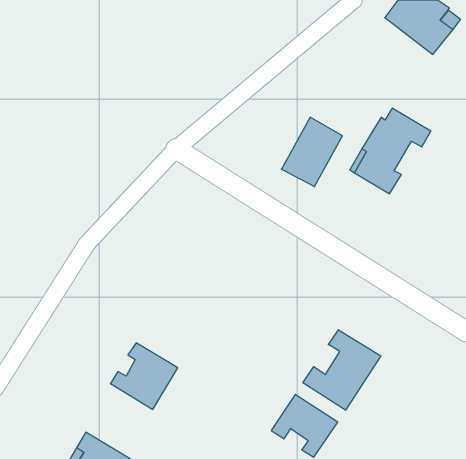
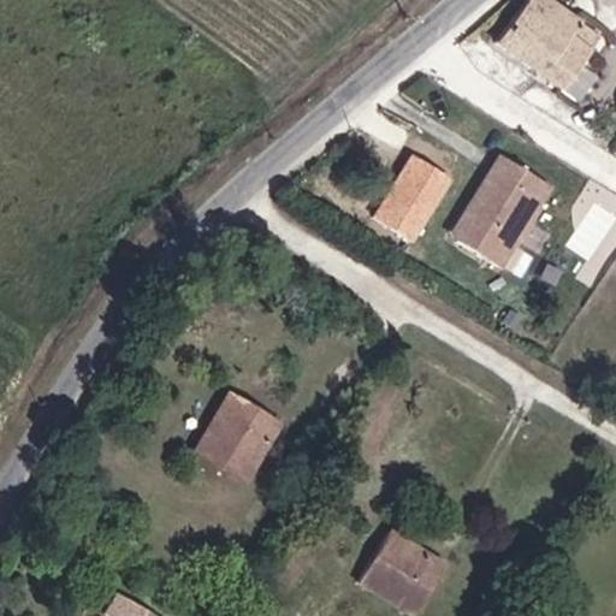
building: [303,330,381,410] -> none
building: [110,343,178,409] -> [190,389,278,475]

